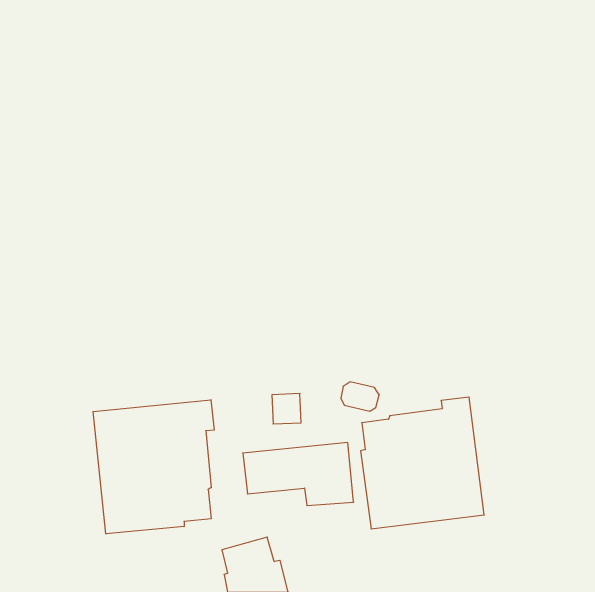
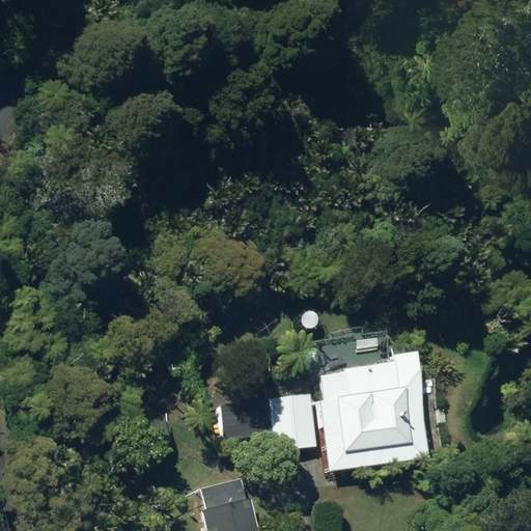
building: [93,400,214,534] -> none

